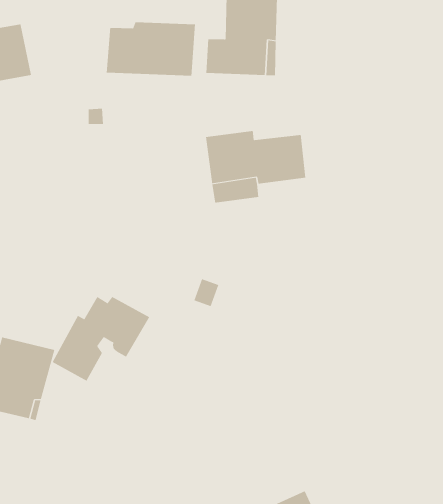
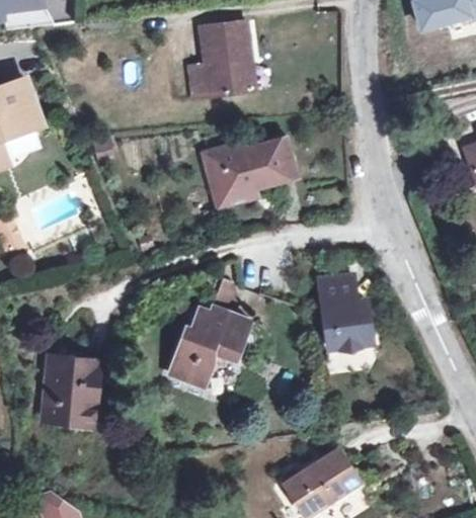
building: [106,21,196,76] -> none
building: [52,296,150,382] -> [169,307,249,384]
building: none -> [317,274,372,348]

